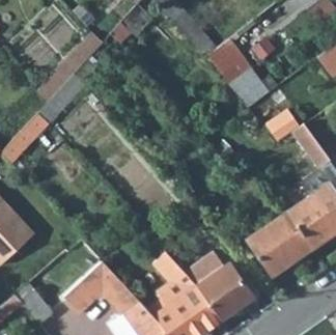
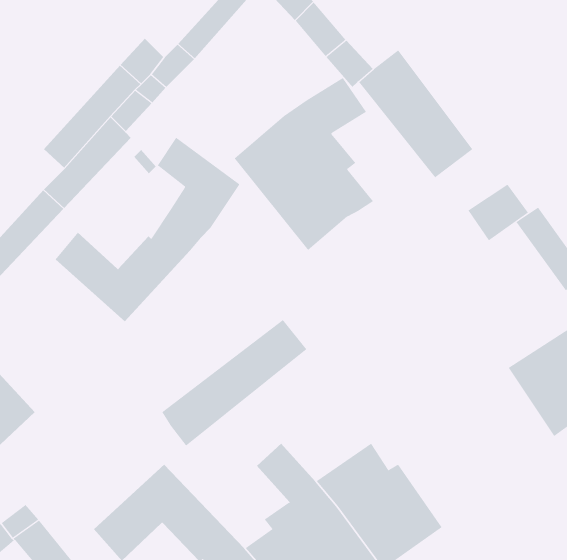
building: none -> [234,77,374,251]
building: none -> [55,137,240,322]
building: none -> [161,319,307,446]
building: [247,210,313,275] -> none

